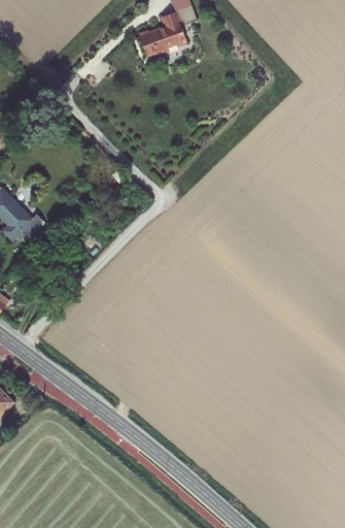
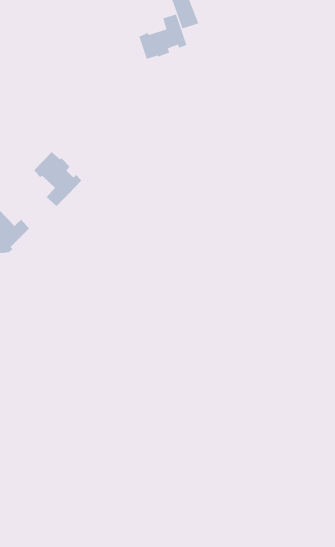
building: none -> [33,151,82,207]

